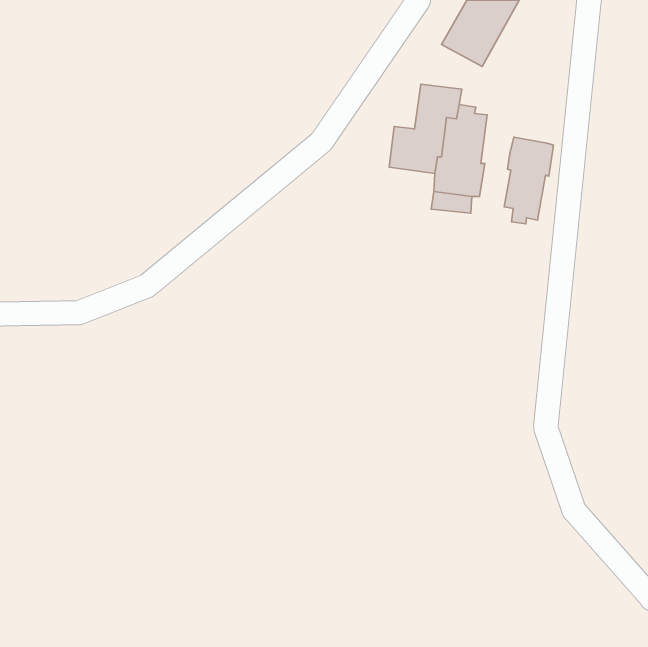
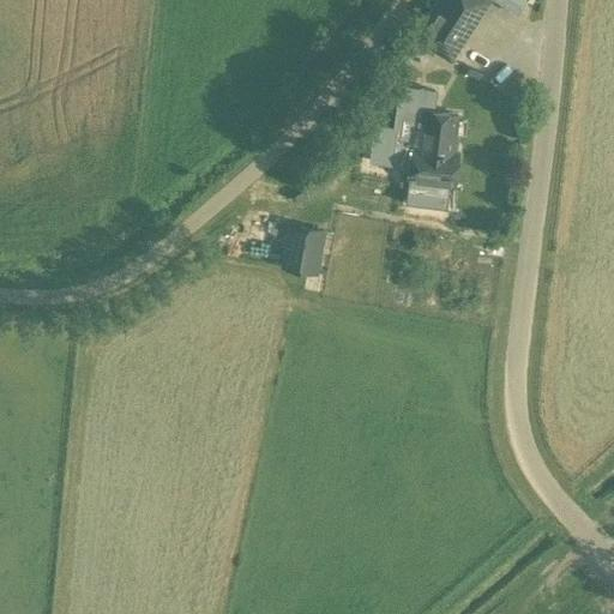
building: [504,137,554,224] -> none
building: none -> [285,229,325,277]

